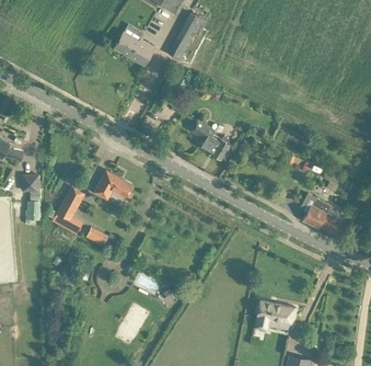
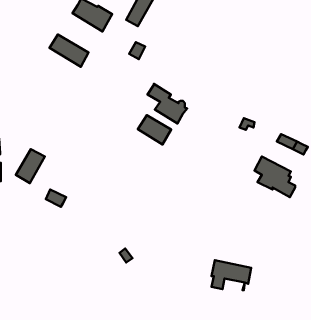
building: none -> [49,35,89,67]
building: none -> [138,115,171,145]
building: [93,170,132,201] -> none

